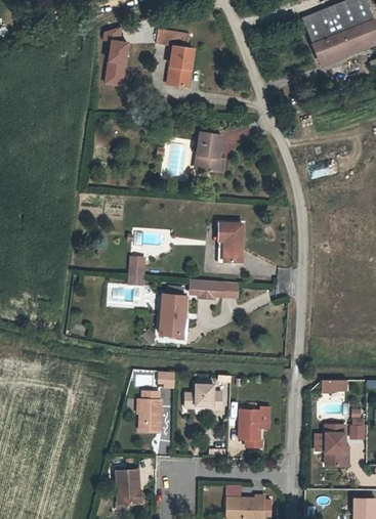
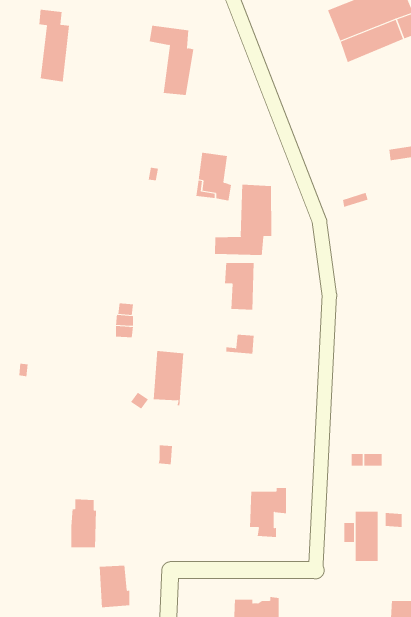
building: [102,28,128,87] -> [39,9,70,82]
building: none -> [215,184,272,256]
building: [195,279,228,299] -> none
building: [184,384,221,410] -> none
building: [139,391,161,431] -> [71,499,97,548]

